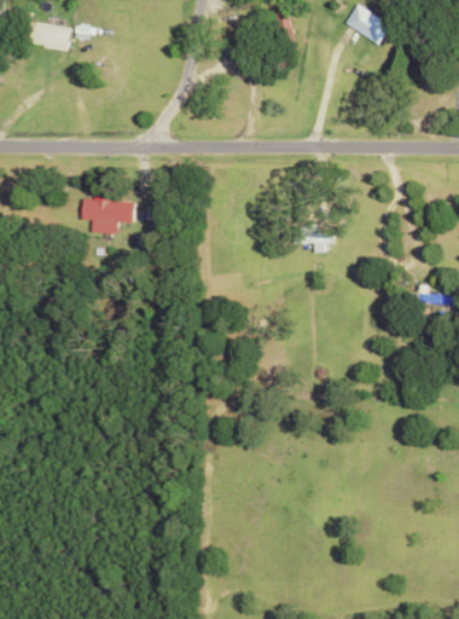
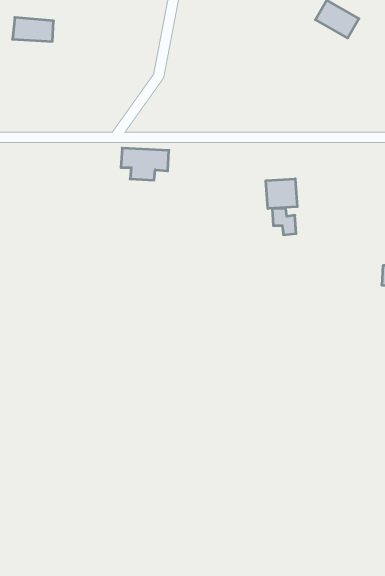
building: none -> [266,179,297,209]
building: [82,198,133,232] -> [121,148,169,180]

